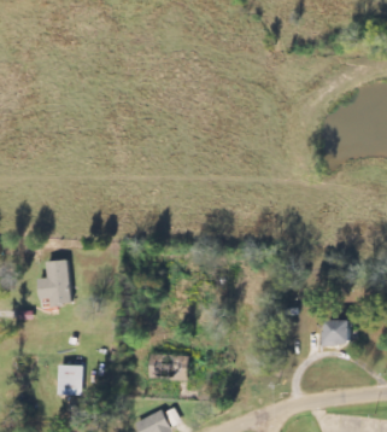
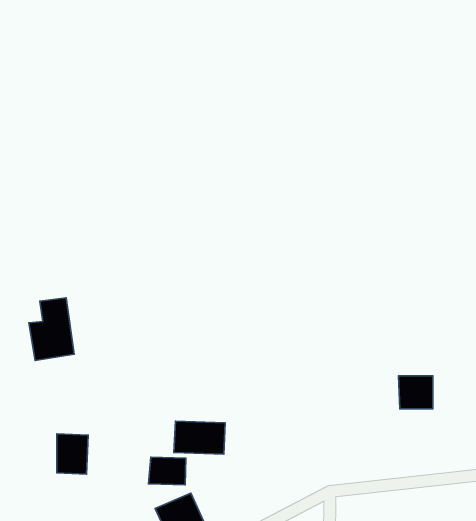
building: none -> [148,457,186,485]

